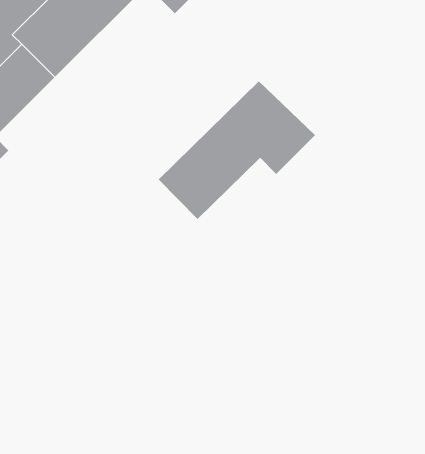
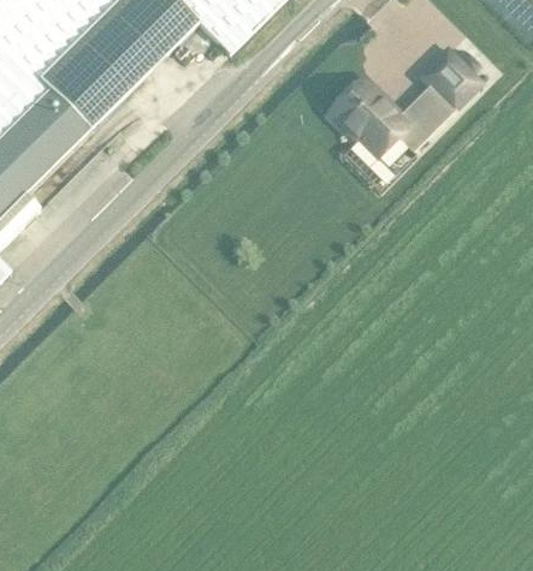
building: none -> [328,52,480,159]
building: [158,81,316,220] -> none

